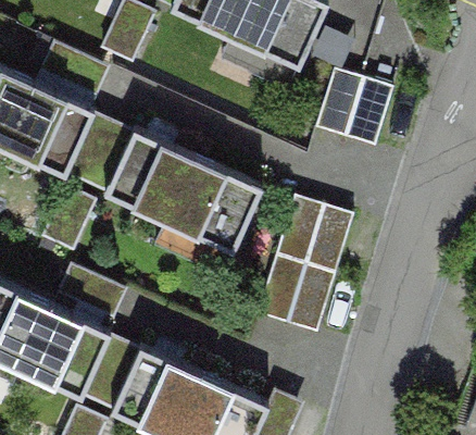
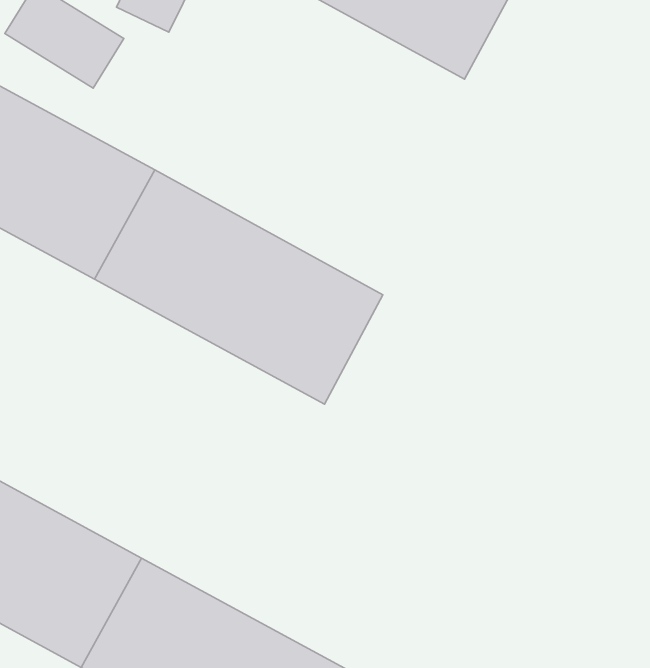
building: [312,66,393,147] -> none
building: [258,198,353,334] -> none

